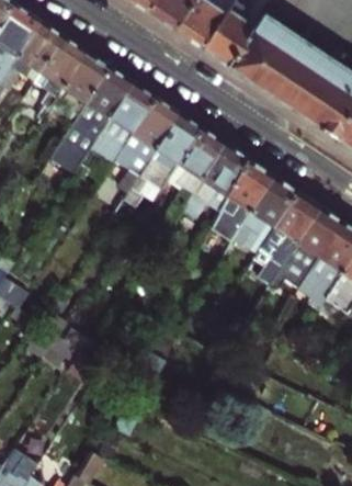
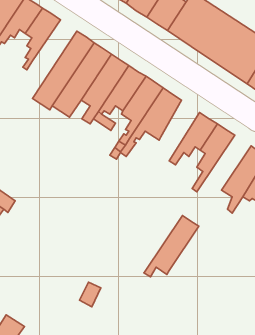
building: [50,52,110,122] -> none
building: [215,159,273,253] -> none
building: [269,206,342,289] -> [144,215,199,277]

